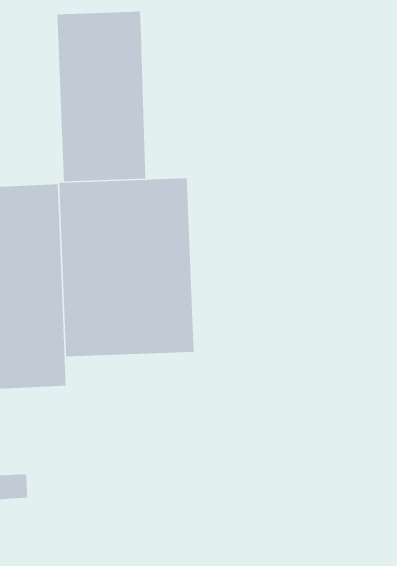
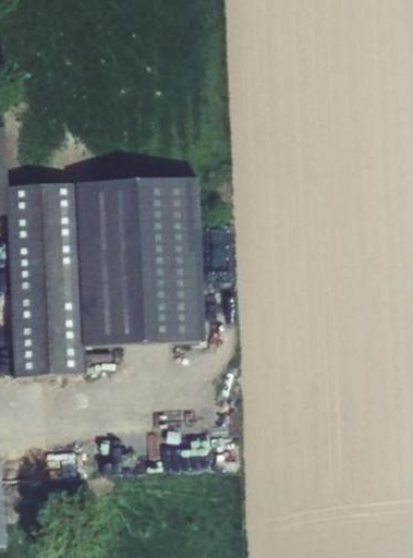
building: [56,11,146,182] -> none

